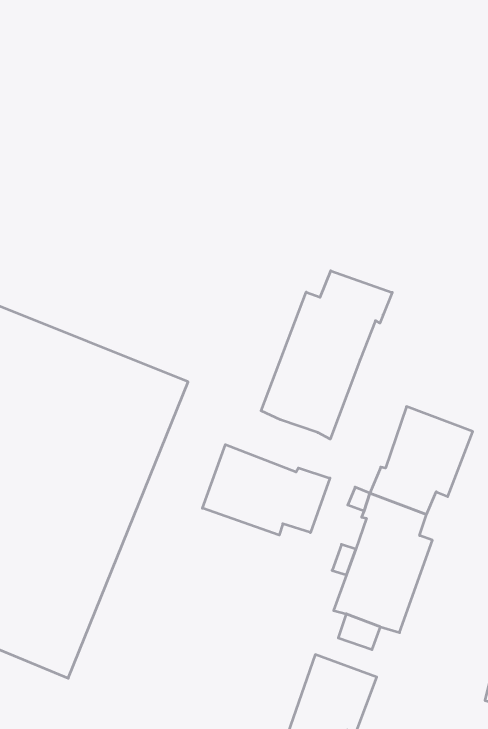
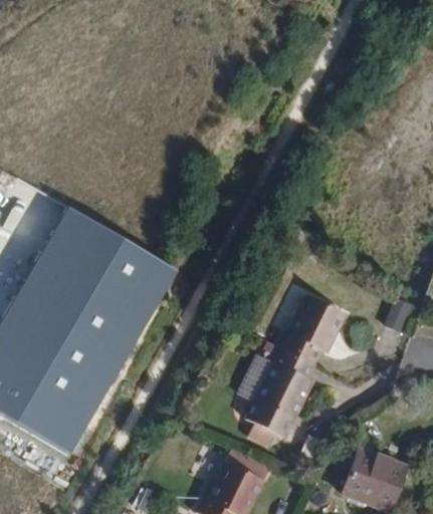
building: [261,271,392,439] -> none
building: [202,445,330,535] -> none

